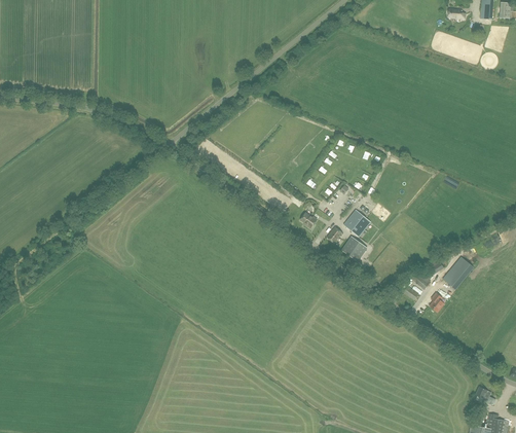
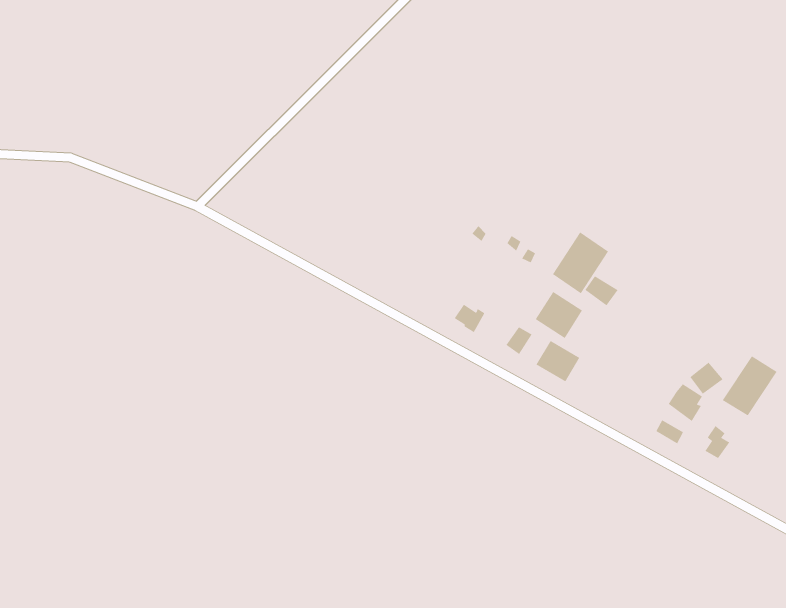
building: none -> [552,231,609,294]

